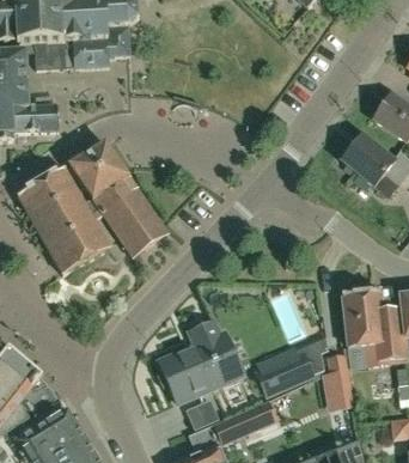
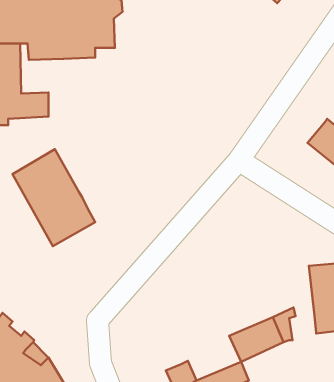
building: [67,141,167,257] -> none
building: [157,318,243,403] -> none
building: [321,355,353,412] -> none

